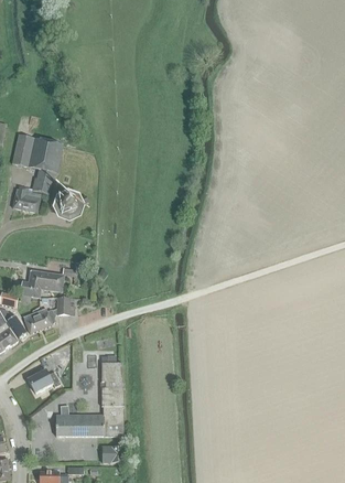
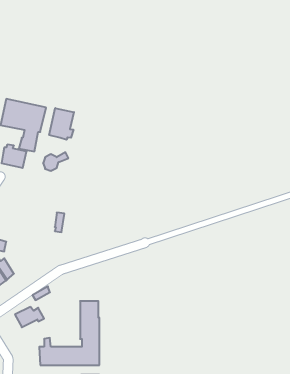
building: none -> [49,108,74,140]
building: [20,270,63,297] -> none
building: [22,297,68,333] -> none

